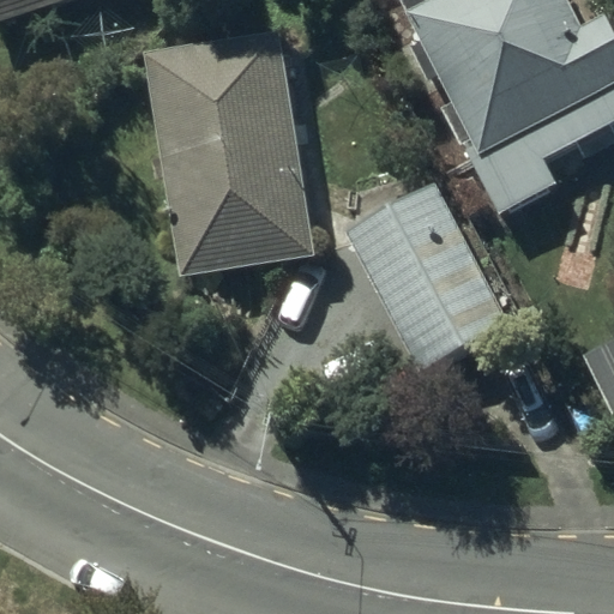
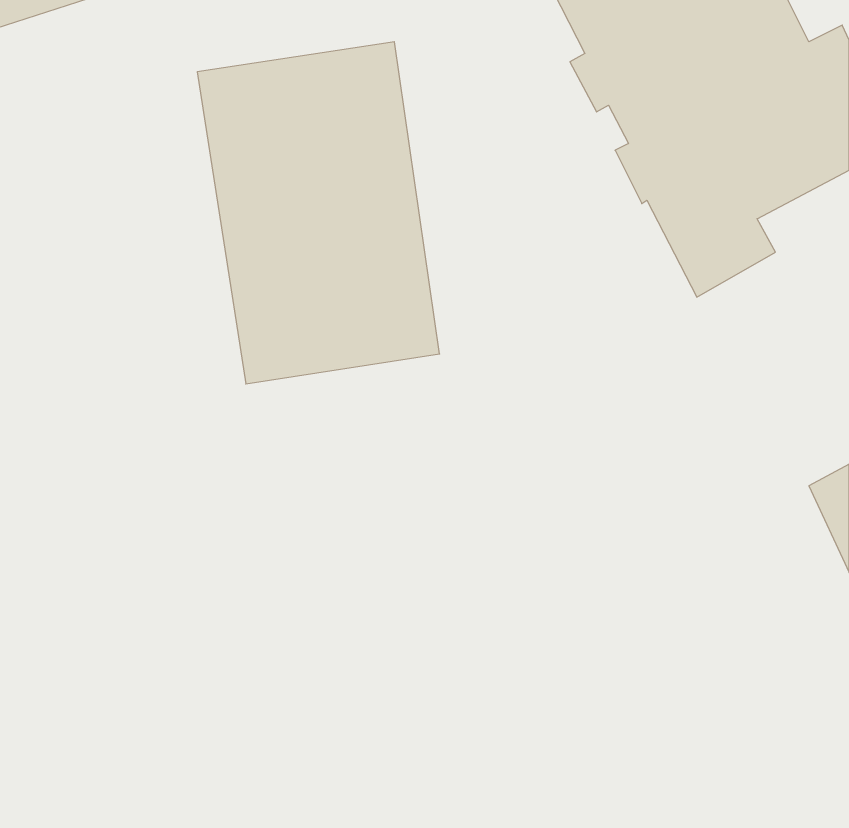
building: [347,183,510,371] -> none

